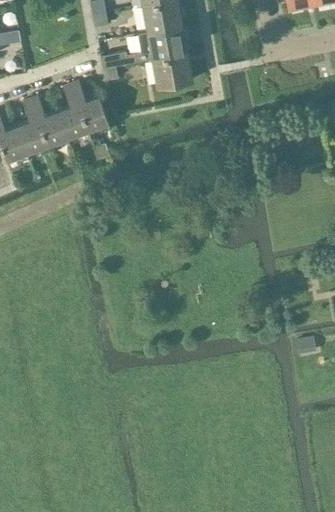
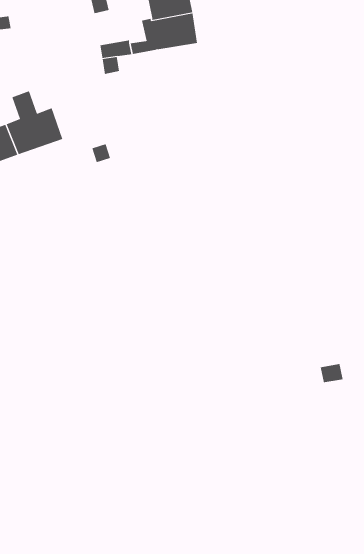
building: [151,54,192,88] -> none
building: [58,81,109,139] -> none

